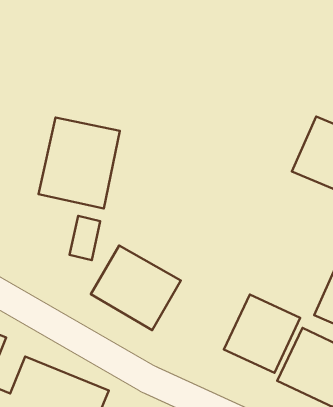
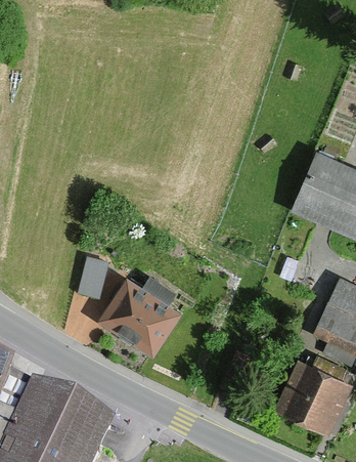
building: [38,117,120,208] -> none
building: [224,295,300,373] -> none

